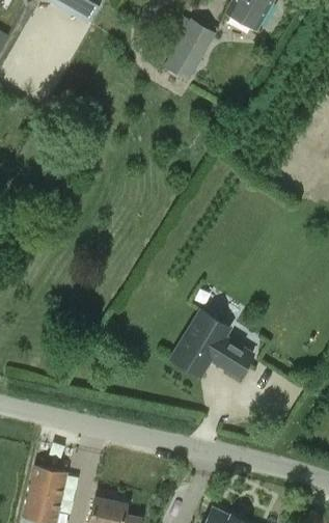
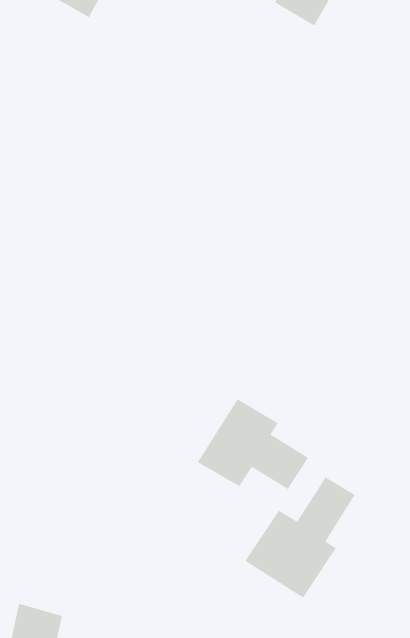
building: [163,19,216,82] -> none
building: none -> [244,476,356,598]

